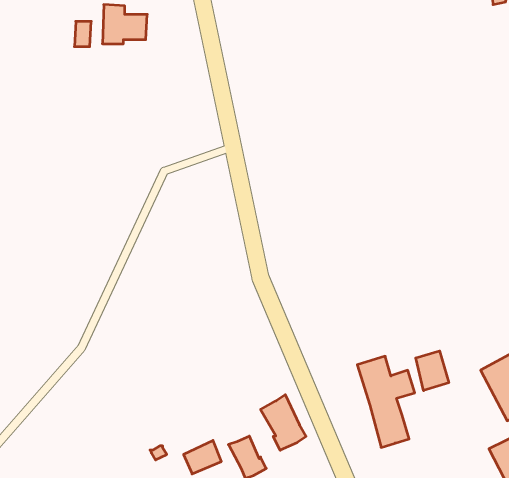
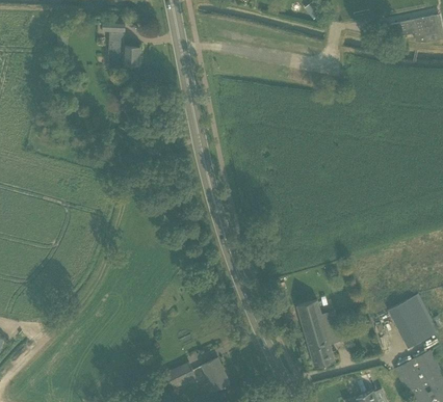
building: [416,351,449,391] -> none
building: [261,395,306,450] -> none

